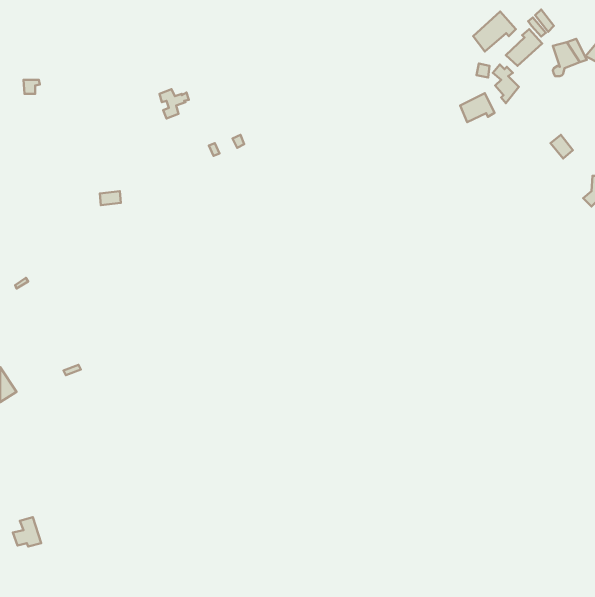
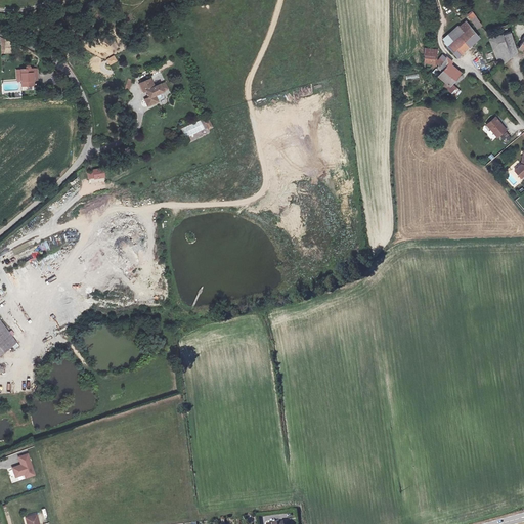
building: [473,12,516,52] -> none
building: [460,93,494,122] -> none

